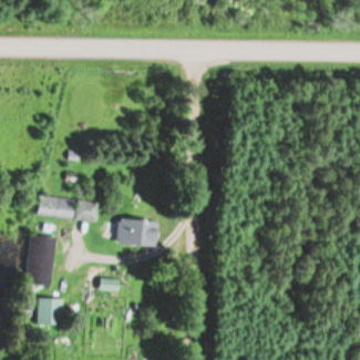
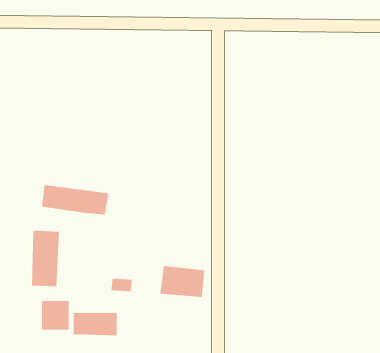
building: [115,217,156,246] -> [159,265,205,297]
building: none -> [73,312,117,336]

